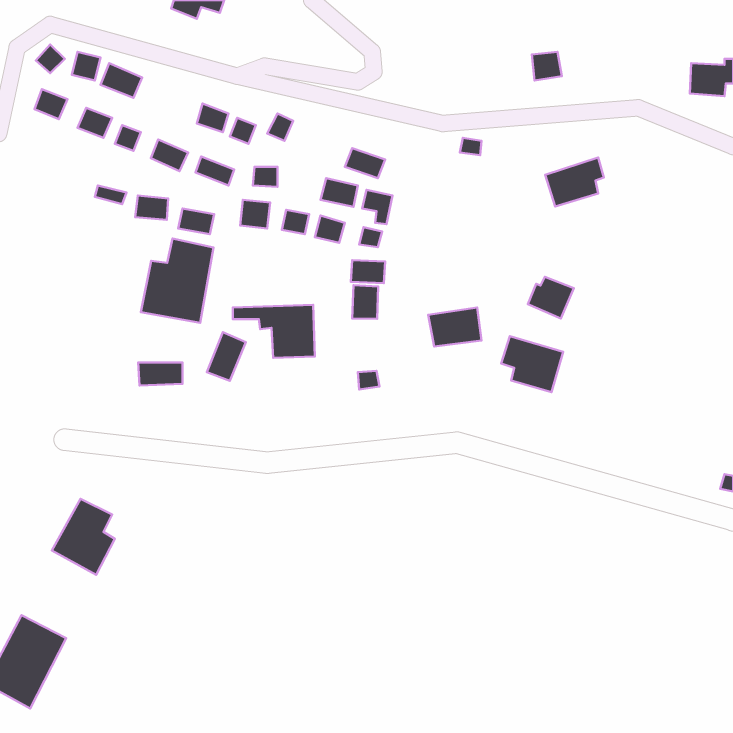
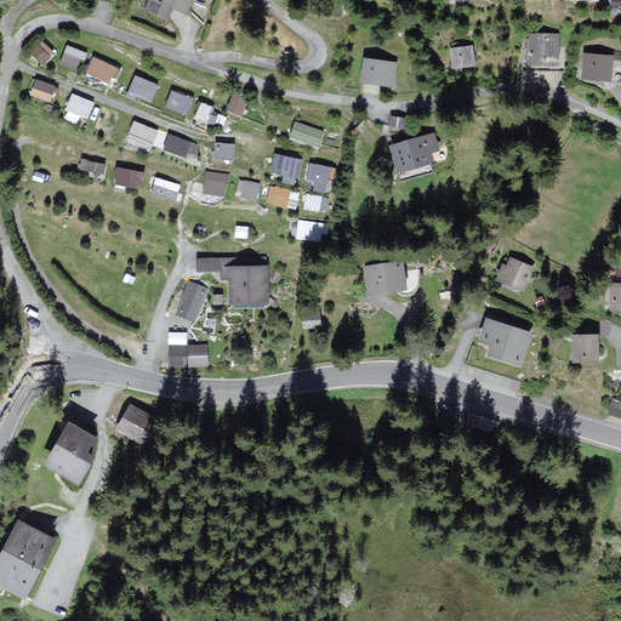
building: none -> [529,35,559,68]
building: none -> [360,59,395,87]
building: none -> [127,74,158,102]
building: [545,157,604,206] -> [388,132,438,173]
building: [141,238,213,323] -> none
building: [528,277,574,318] -> [495,258,534,294]
building: [352,285,378,319] -> none
building: [501,336,563,392] -> [478,319,530,366]
building: [138,362,183,385] -> [169,348,206,368]
building: none -> [571,335,597,360]
building: none -> [114,404,153,444]

